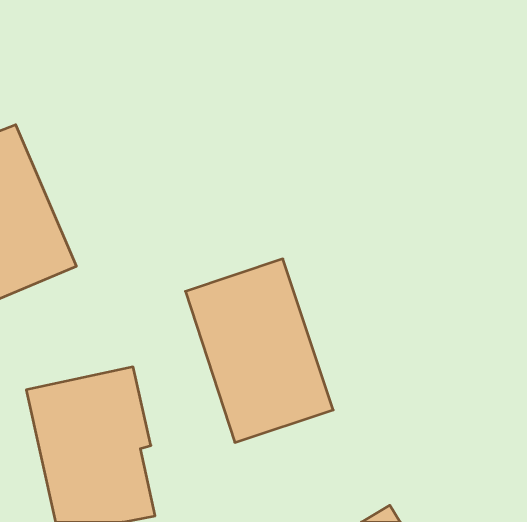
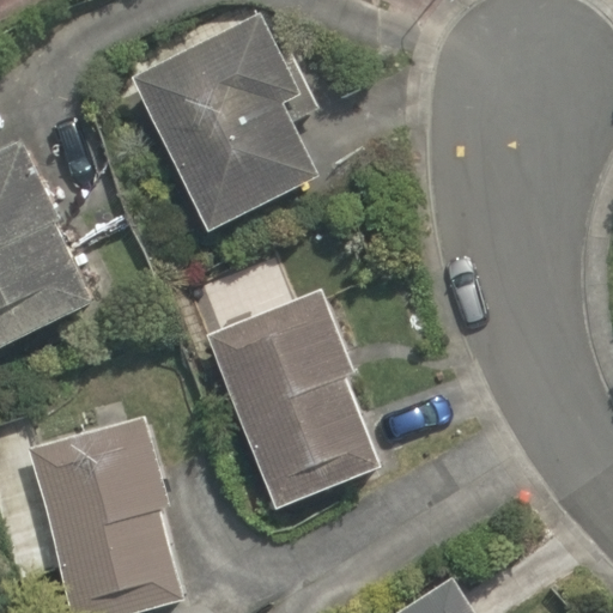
building: none -> [136,19,315,235]

